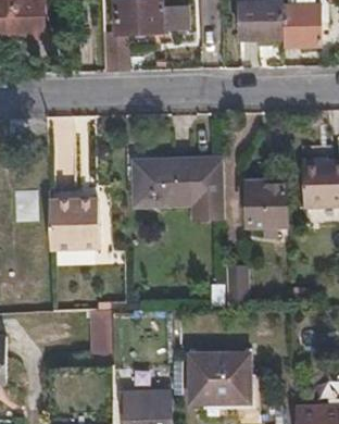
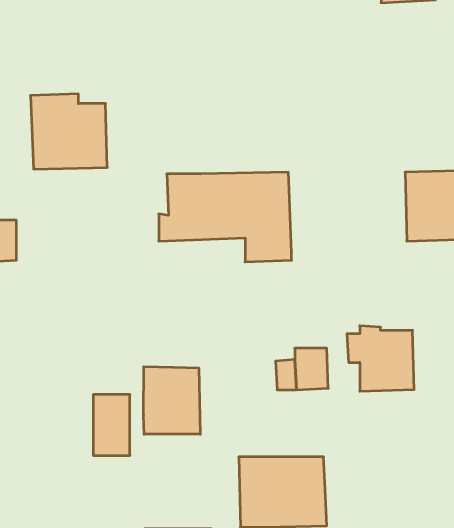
building: [239,180,285,225] -> [347,326,414,391]
building: [48,198,100,249] -> [30,94,107,169]
building: none -> [144,367,200,434]

